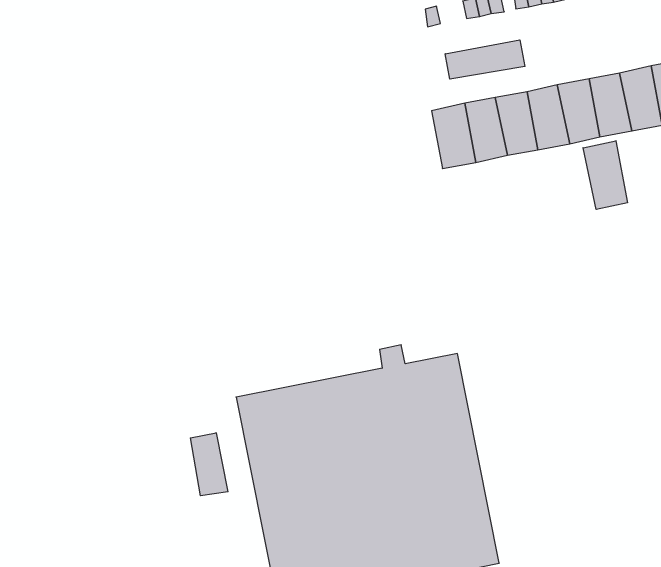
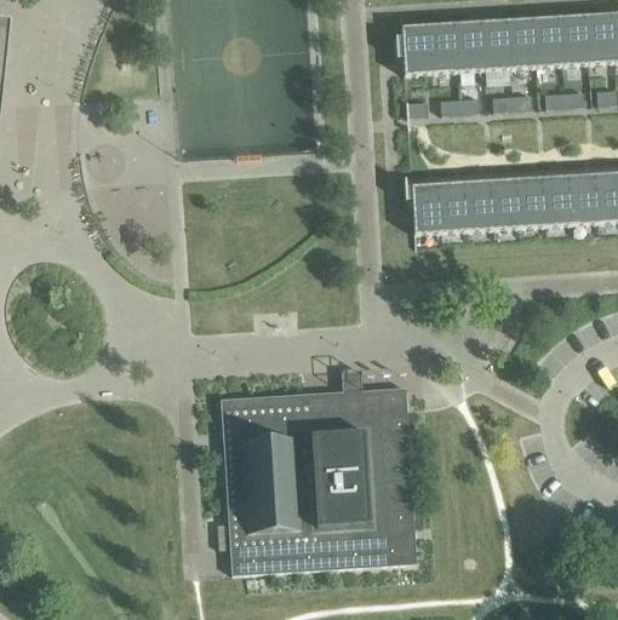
building: [445,40,525,79] -> none
building: [583,141,627,209] -> none
building: [190,433,228,496] -> none

